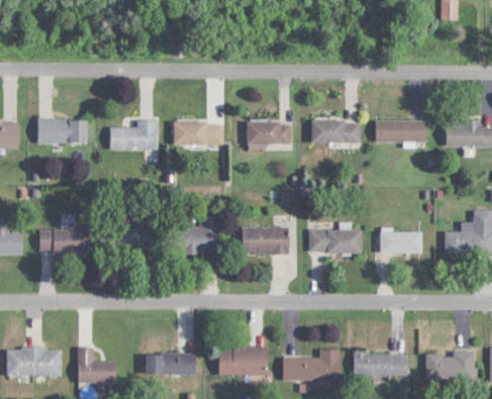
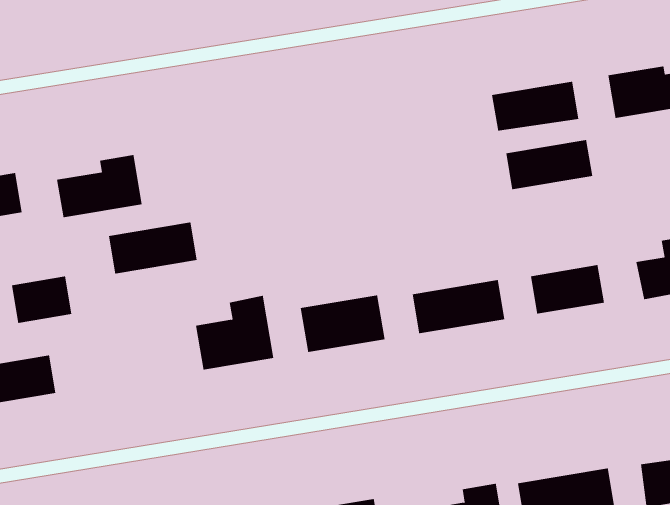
building: [248,120,291,144] -> none
building: [312,120,362,142] -> [506,140,593,190]
building: [173,121,223,144] -> [108,222,198,274]
building: [120,227,154,251] -> [11,276,72,323]

